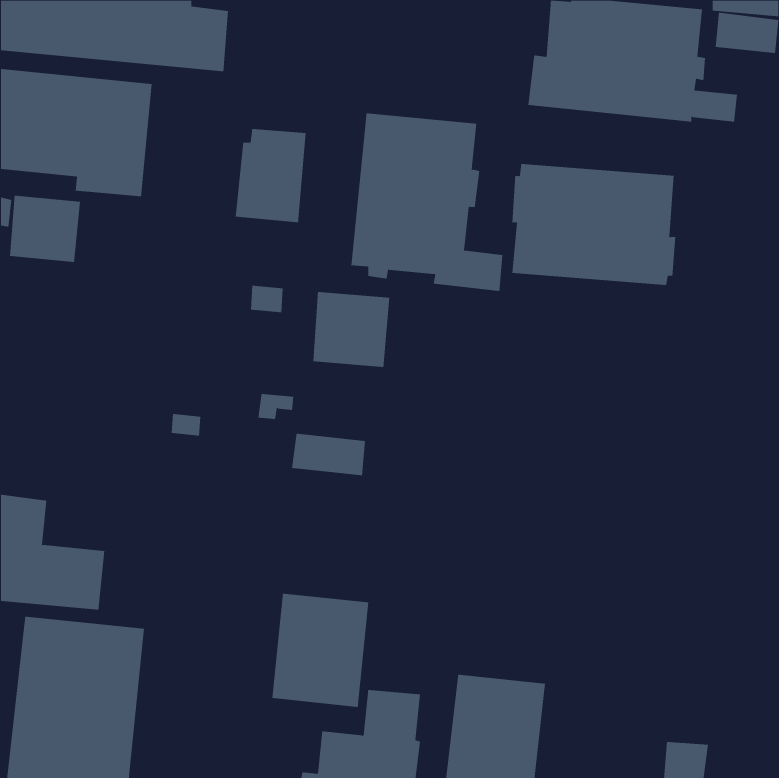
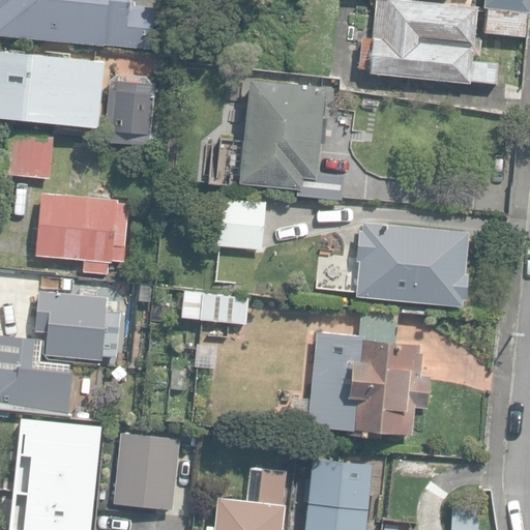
building: [235,128,306,223] -> [106,82,154,146]
building: [511,163,676,285] -> [355,222,467,304]
building: none -> [36,192,128,271]
building: none -> [34,289,119,359]
building: none -> [307,308,430,435]
building: [271,593,369,707] -> [114,434,180,511]

